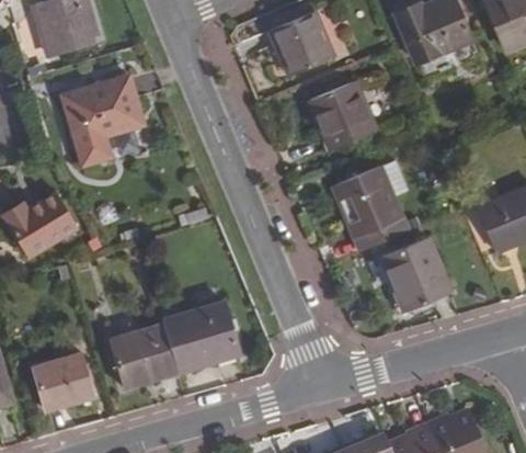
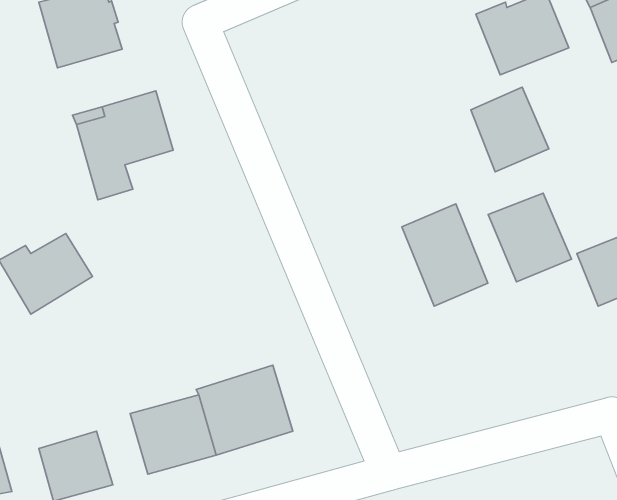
building: [265,11,330,76] -> none
building: [307,81,370,150] -> [471,87,549,172]
building: [377,239,445,312] -> [488,193,571,282]

